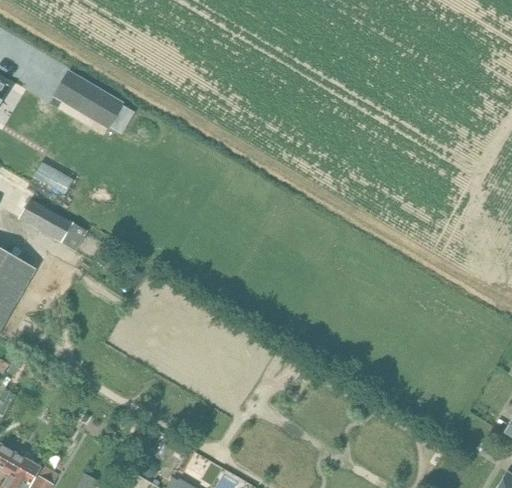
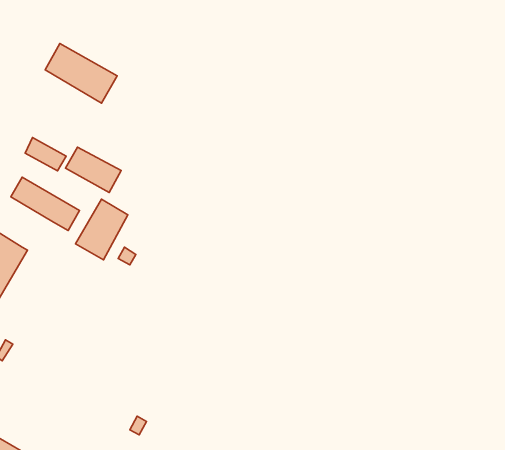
building: none -> [66,147,121,193]
building: none -> [75,199,128,260]

